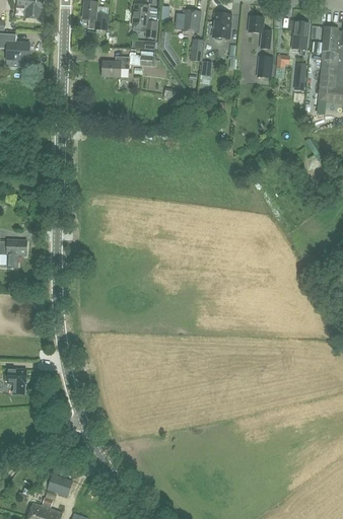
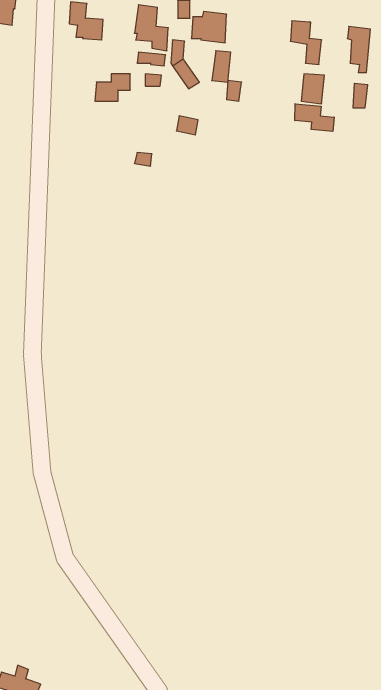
building: [211,12,230,40] -> none
building: none -> [295,104,334,131]
building: [46,473,72,497] -> none

